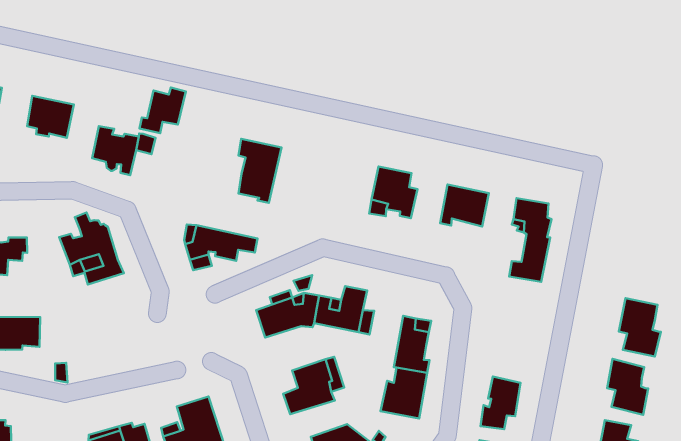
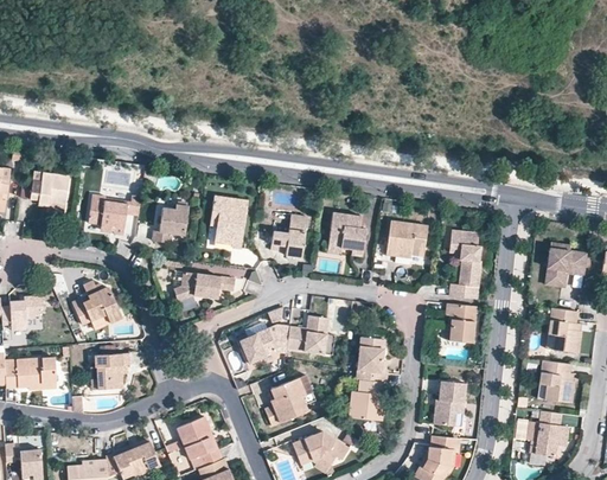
building: [139,87,186,133] -> [153,206,190,245]
building: none -> [270,212,307,257]
building: none -> [544,248,586,287]
building: none -> [445,302,475,343]
building: none -> [96,357,130,392]

